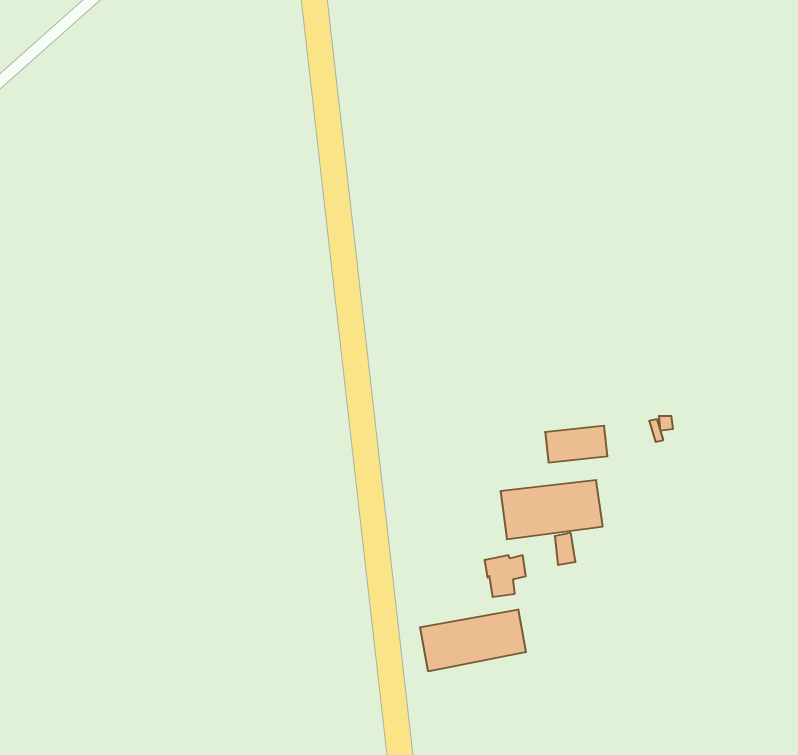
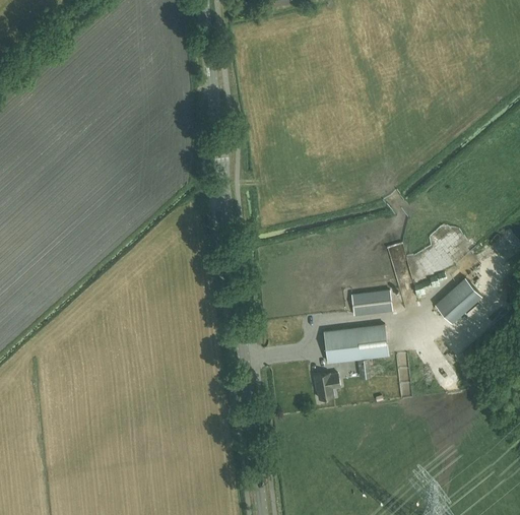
building: none -> [434,277,481,324]
building: [420,609,526,671] -> none

